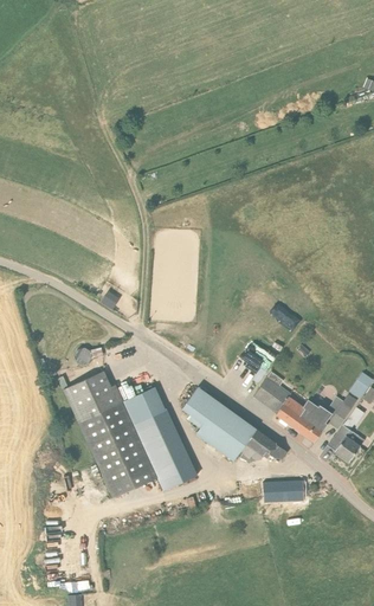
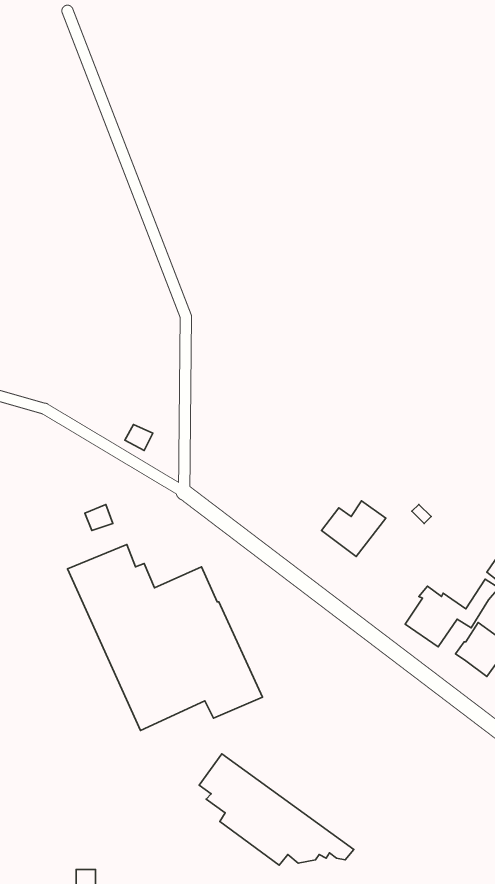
building: [254,372,305,426] -> none
building: [182,387,288,463] -> [199,754,354,865]
building: [263,481,304,503] -> none

